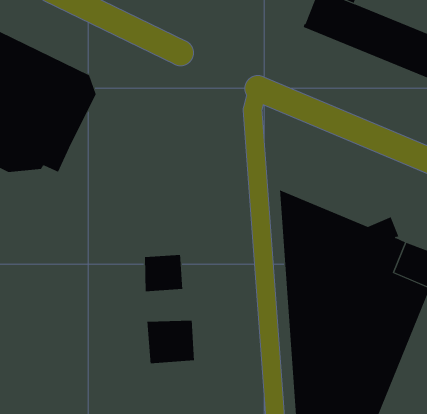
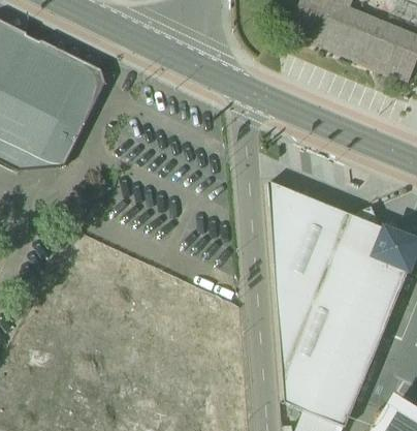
building: [144,254,183,292] -> none
building: [147,320,195,364] -> none

